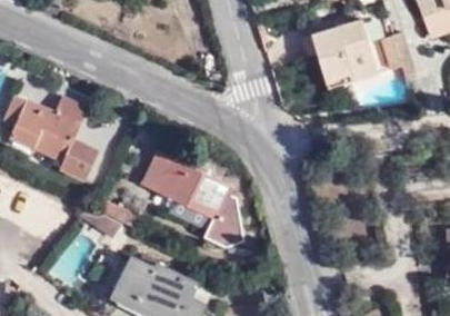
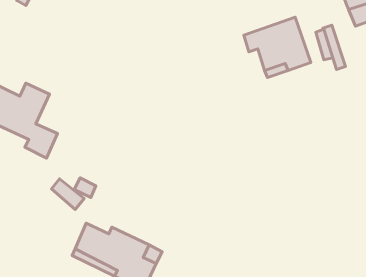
building: [139,151,241,246] -> none

